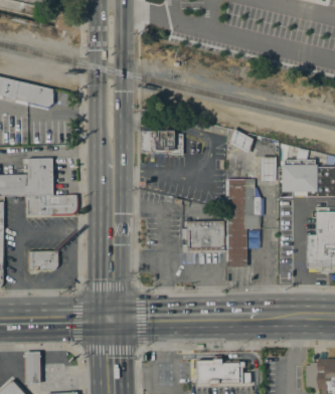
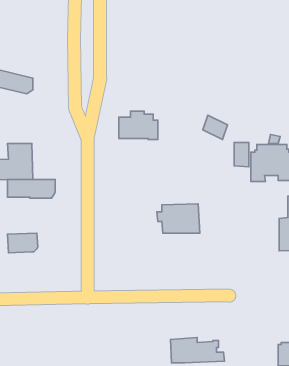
building: [223,169,263,267] -> none
building: [25,352,40,383] -> none

